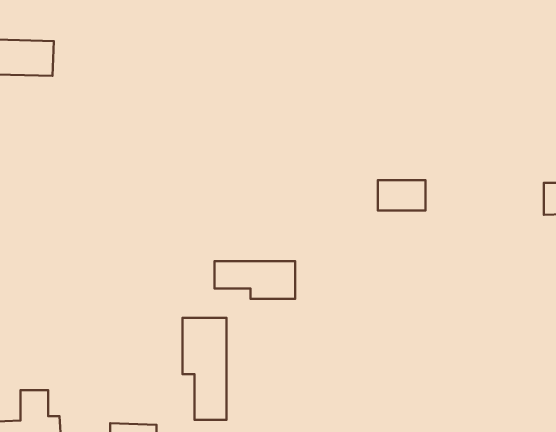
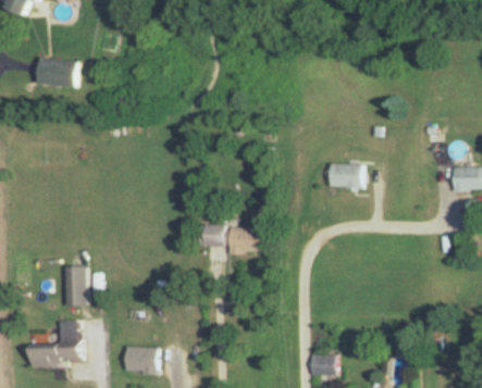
building: none -> [64,266,88,306]
building: [182,318,227,420] -> none

